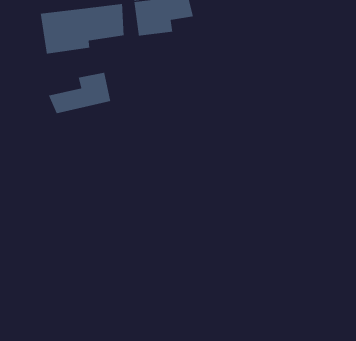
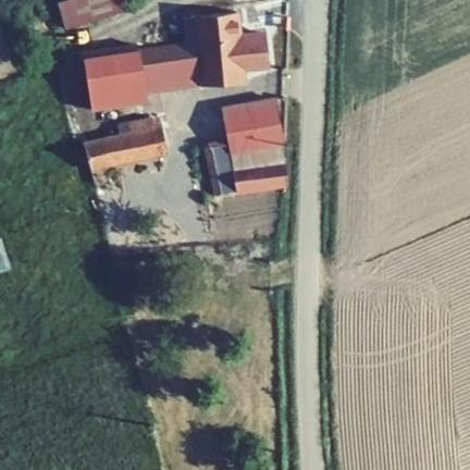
building: none -> [225,99,288,157]
building: none -> [217,161,288,196]

